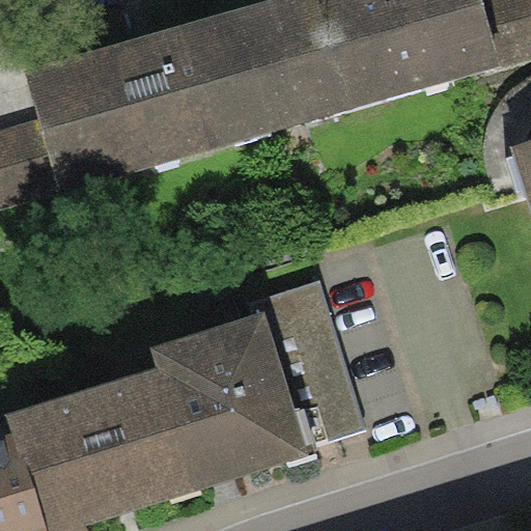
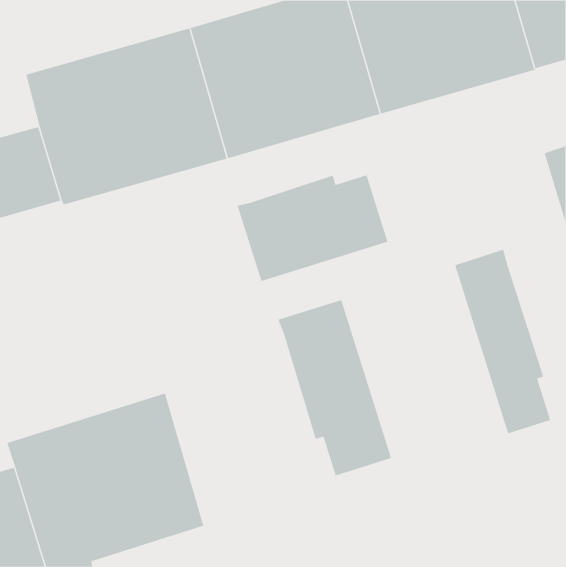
building: none -> [237,174,388,282]
building: none -> [454,249,551,434]
building: [148,312,316,492] -> none

